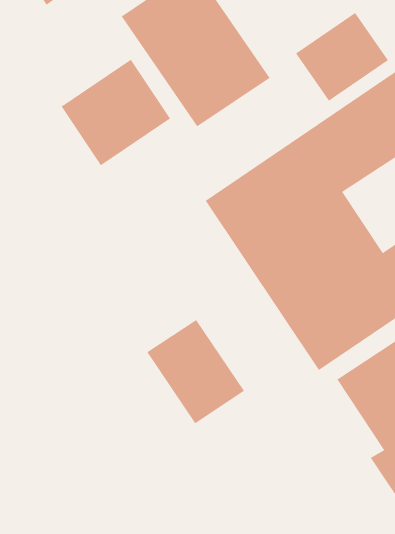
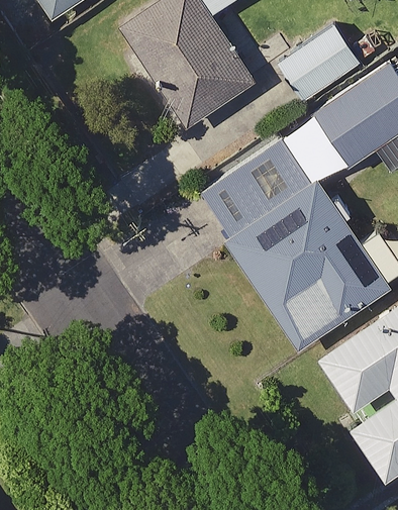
building: [61,59,171,166] -> none
building: [146,319,245,424] -> none

